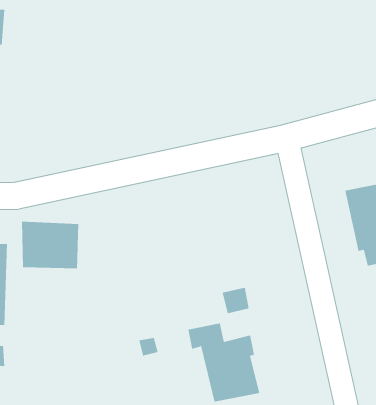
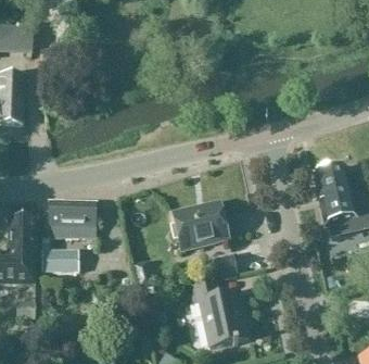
building: none -> [176,204,226,248]
building: none -> [43,250,78,269]

